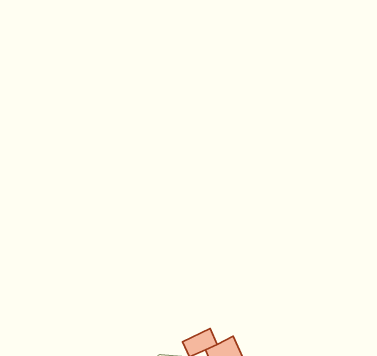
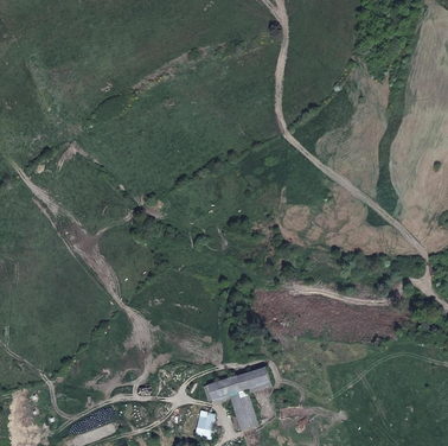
building: none -> [231,367,271,393]

